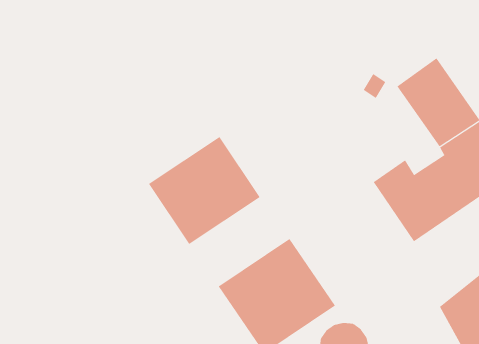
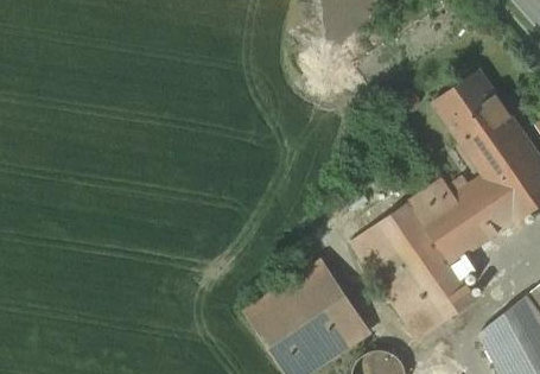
building: [148,136,261,245] -> none
building: none -> [350,201,477,340]

